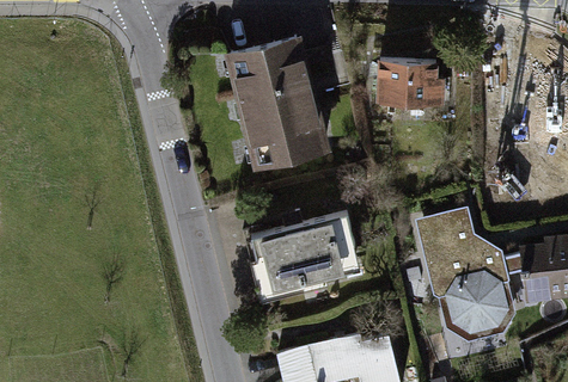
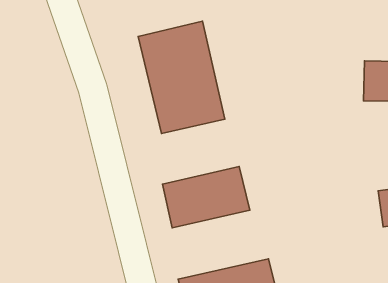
building: [381,63,441,110] -> none
building: [415,209,514,338] -> none

